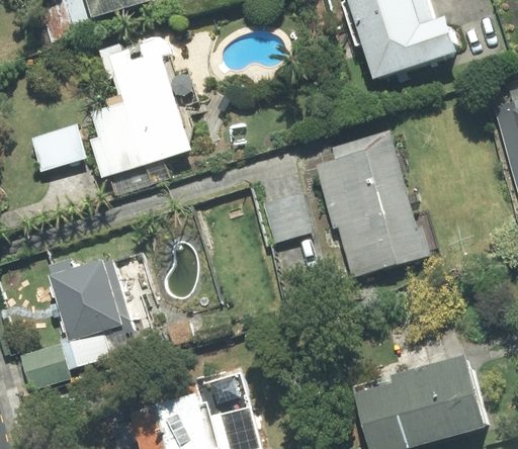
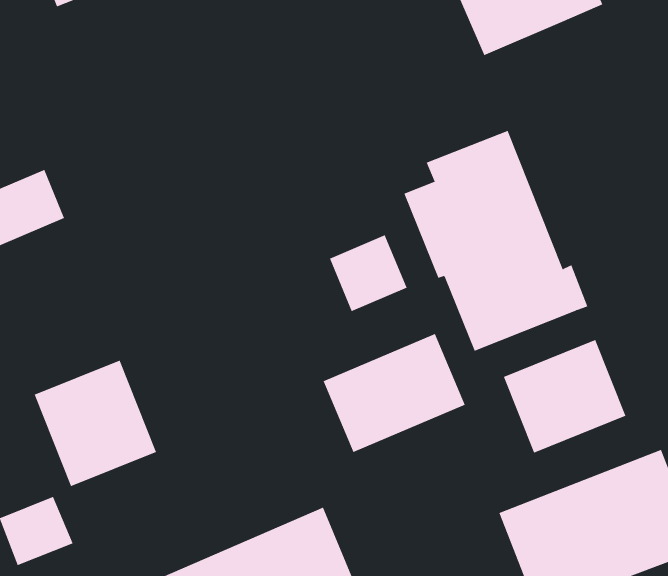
building: [89,37,191,177] -> none
building: none -> [323,333,466,453]
building: none -> [503,339,626,453]

